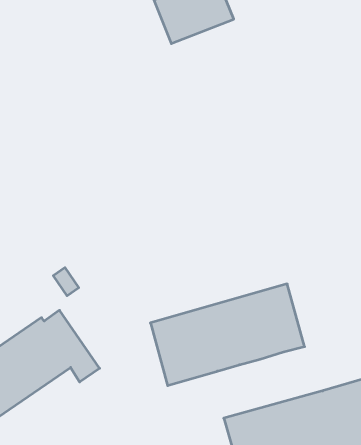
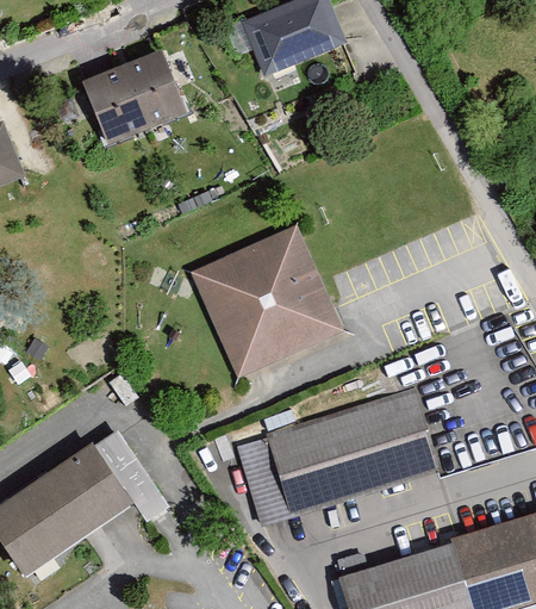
building: none -> [80,49,186,145]
building: none -> [189,224,345,381]

